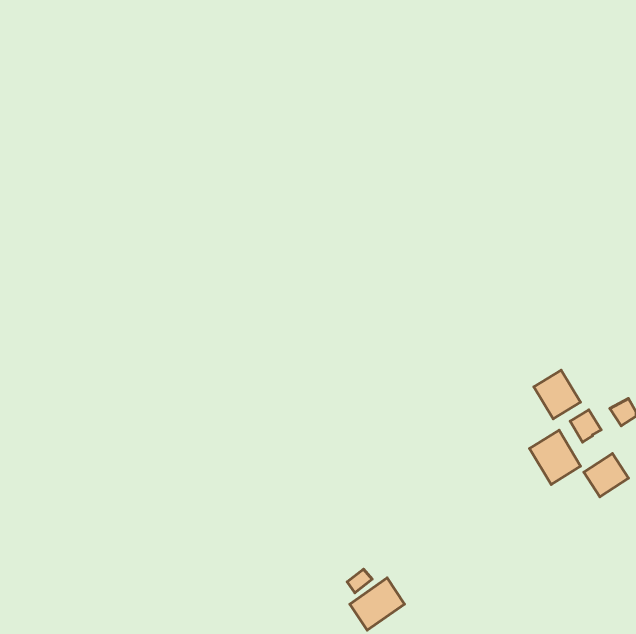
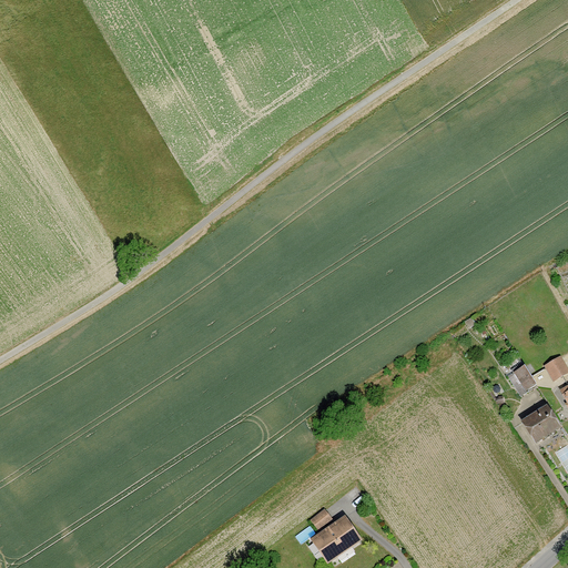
building: [534,370,580,419] -> none
building: [530,430,581,484] -> none

